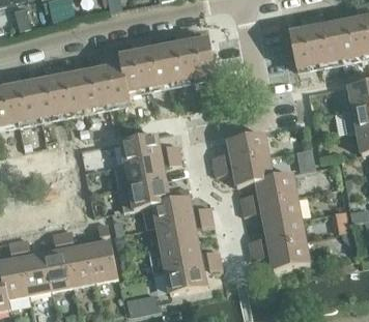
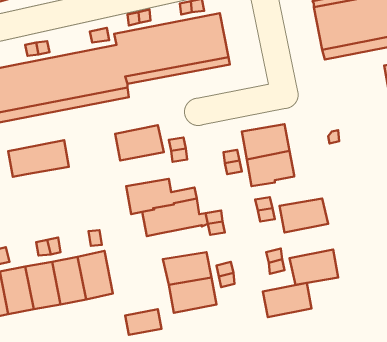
building: [114,156,166,187] -> [8,140,69,177]
building: [256,172,296,202] -> none
building: [264,217,306,246] -> [263,283,312,317]
building: [157,218,198,247] -> none

